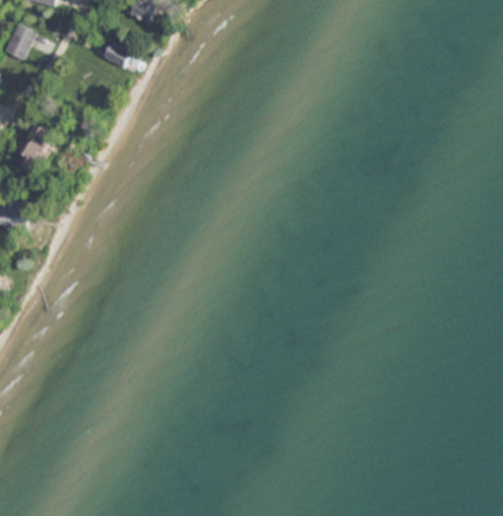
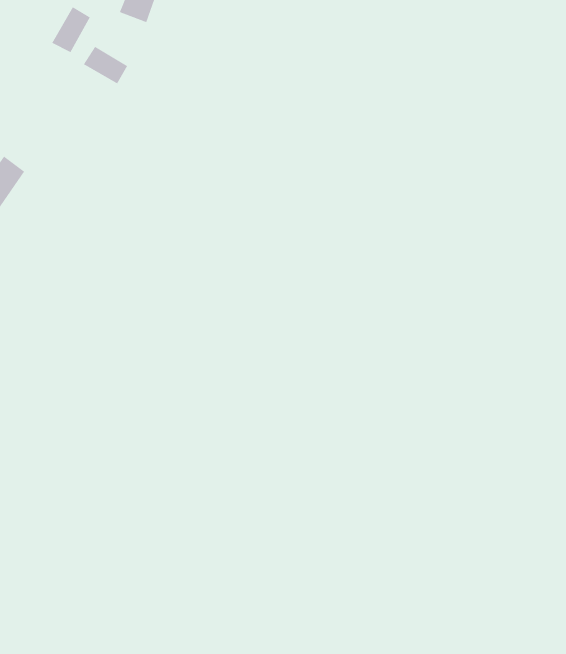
building: none -> [51,6,91,53]

